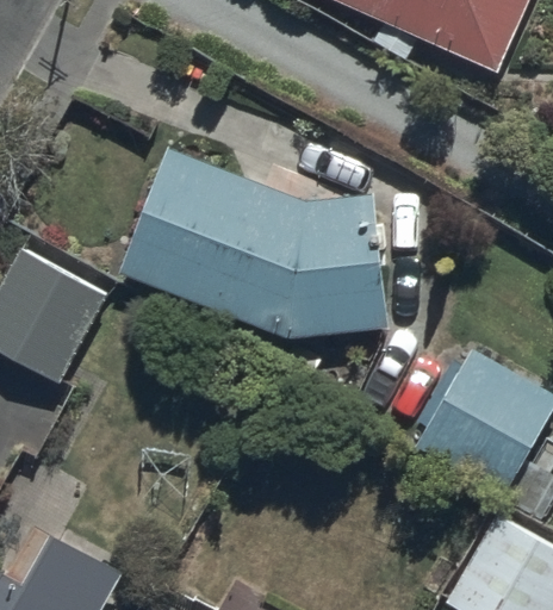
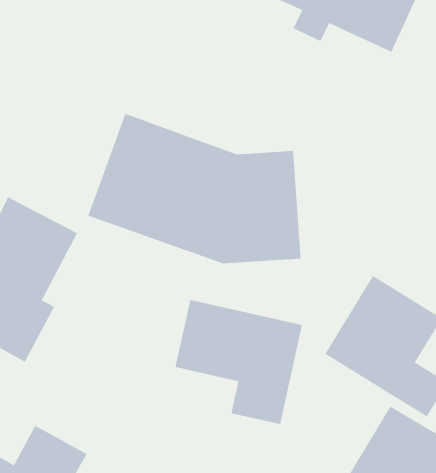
building: none -> [175,299,303,425]

